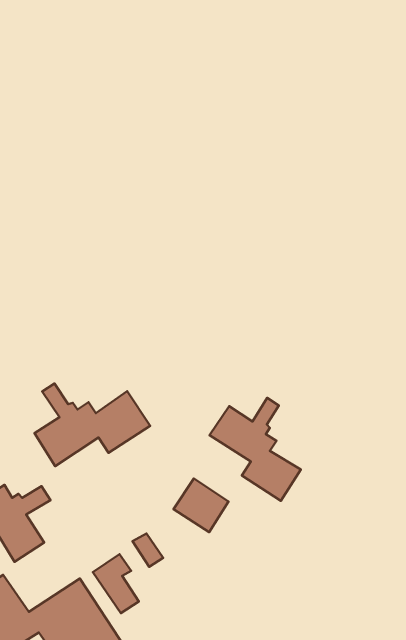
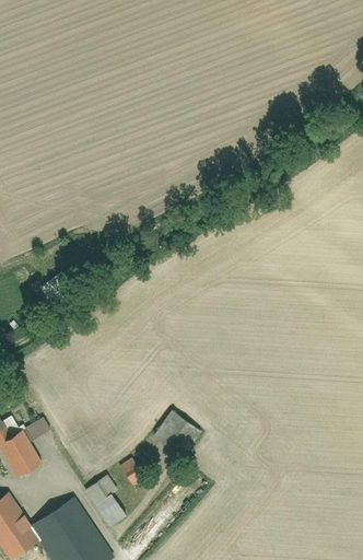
building: [35,383,150,466] -> none
building: [210,398,301,501] -> none

